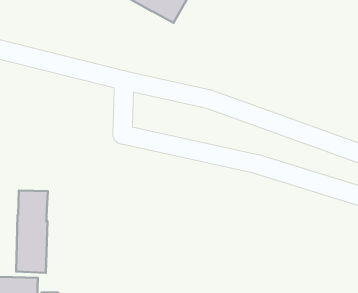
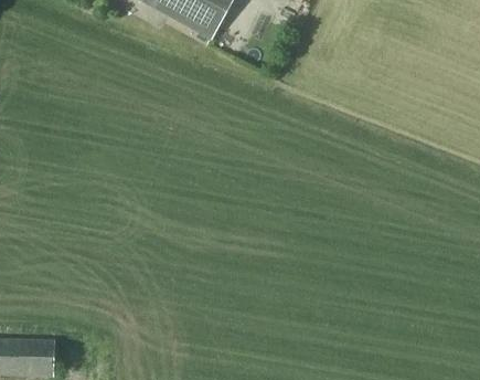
building: [16,190,48,273] -> none

